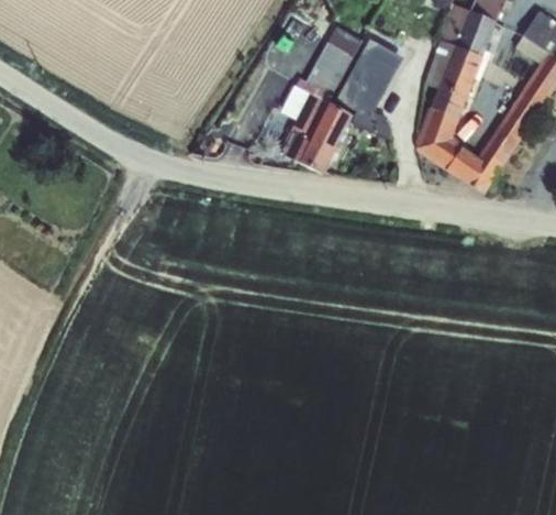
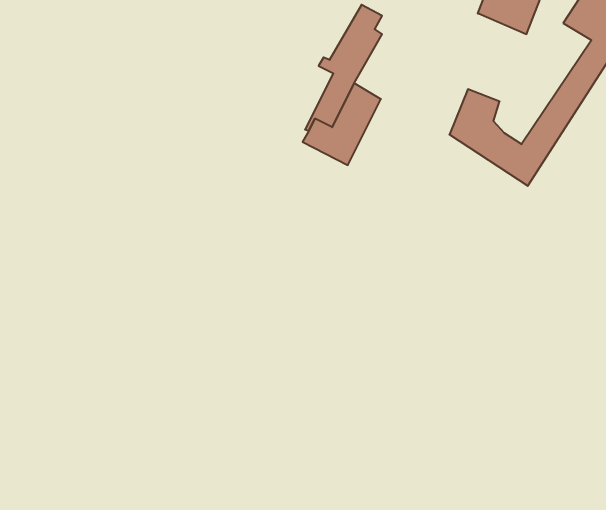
building: [333,35,403,119] -> none
building: [425,36,483,116] -> none

